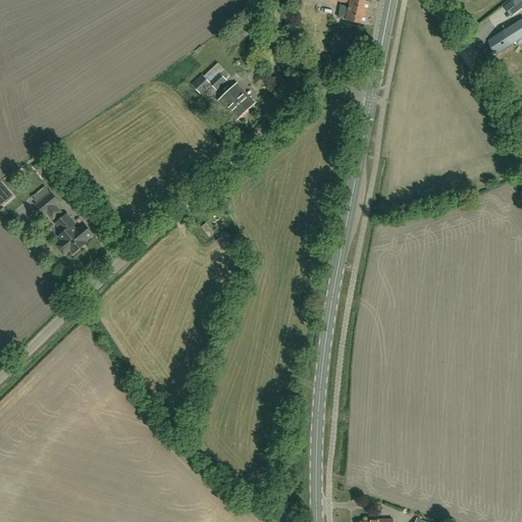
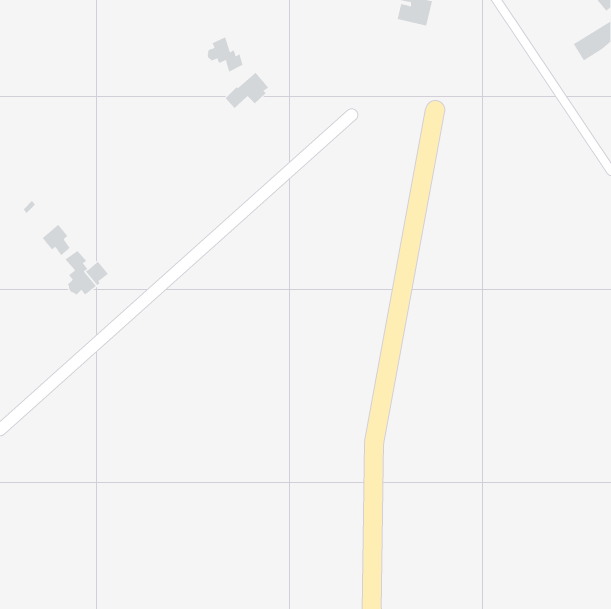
building: none -> [207,36,243,73]
building: [219,83,254,118] -> none

